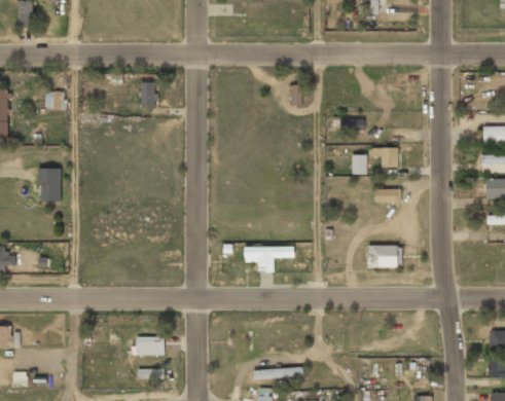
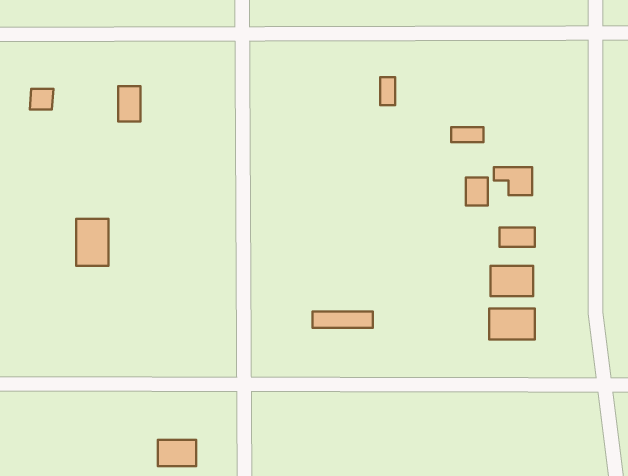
building: [140,81,155,106] -> [118,86,140,121]
building: [38,169,61,202] -> [76,219,109,266]
building: none -> [491,266,533,296]

